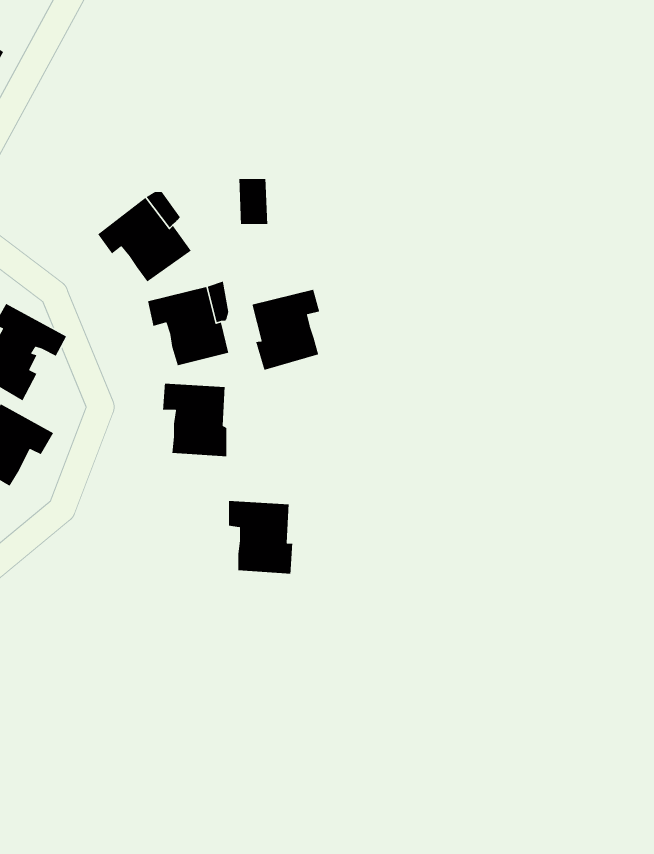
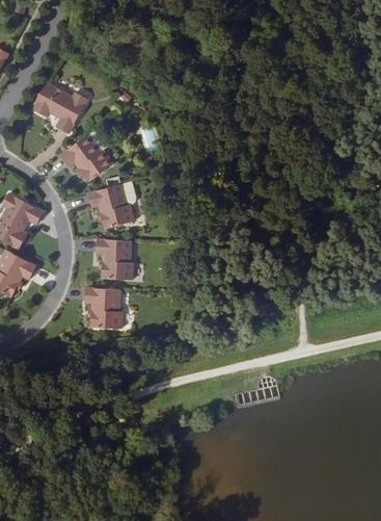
building: none -> [31,83,88,134]
building: [251,289,320,371] -> none
building: [228,500,293,574] -> [86,287,123,329]

